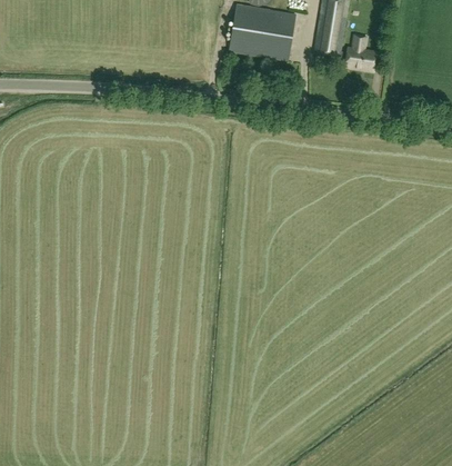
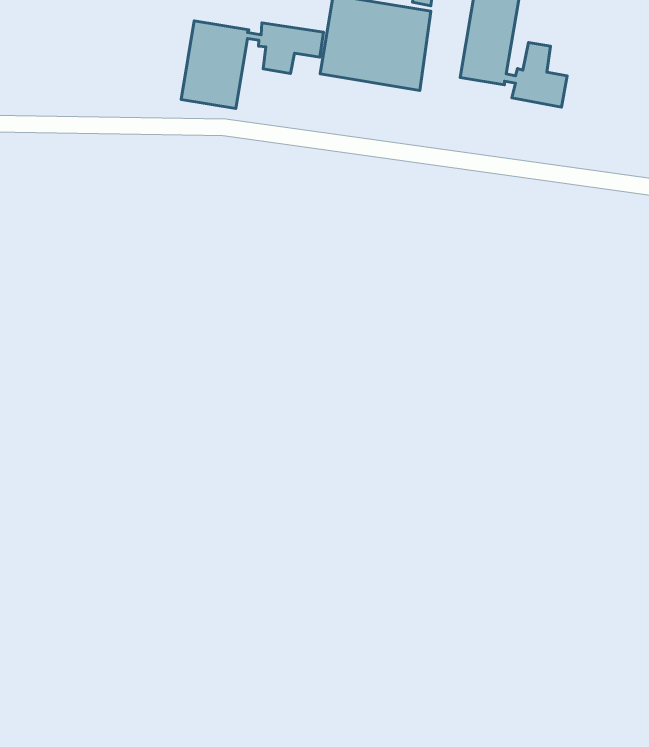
building: none -> [181,21,324,109]

